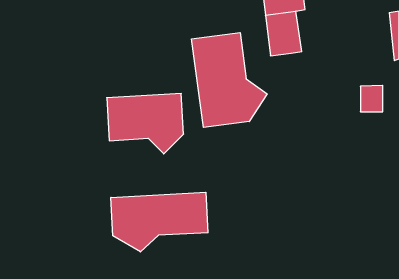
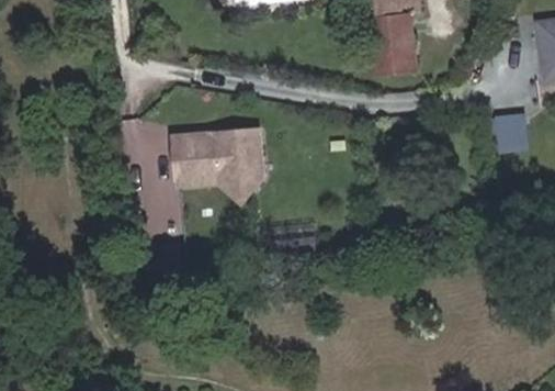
building: [192,33,267,127] -> none
building: [111,192,208,252] -> none

